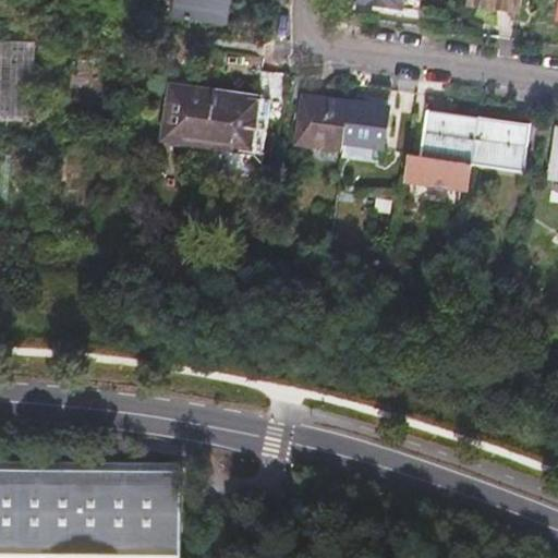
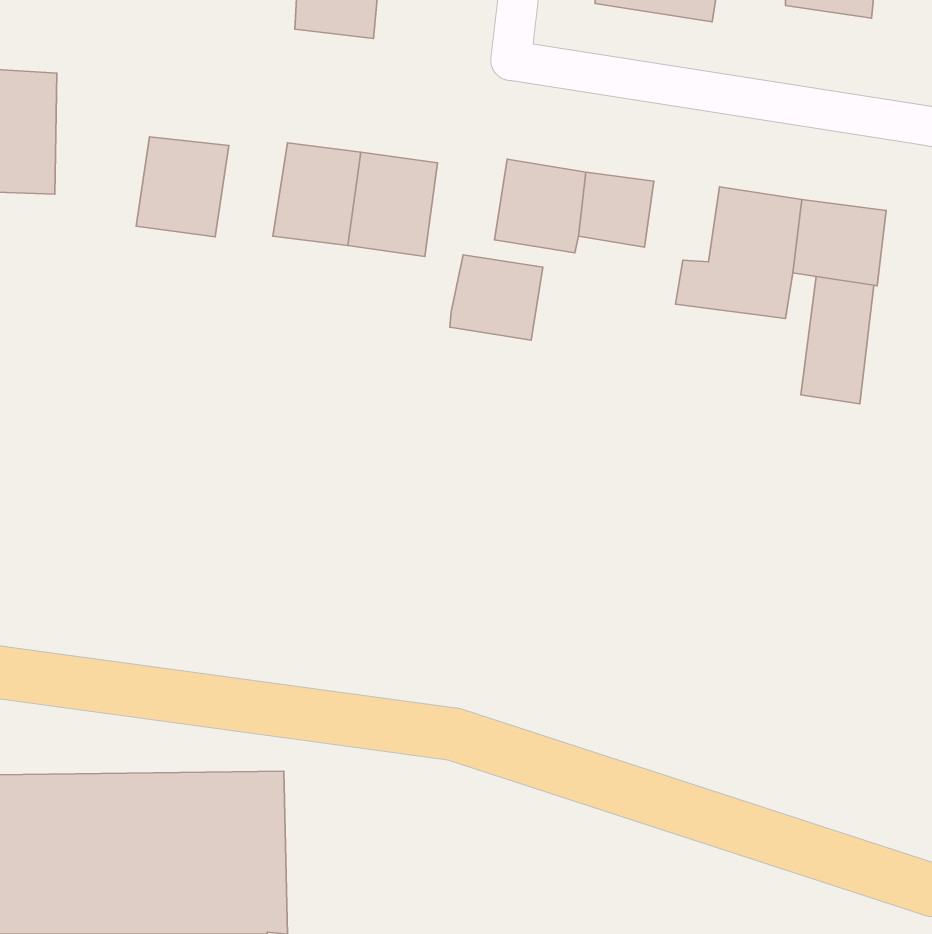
building: none -> [136,137,229,237]
building: none -> [450,255,543,340]
building: none -> [801,277,874,404]

